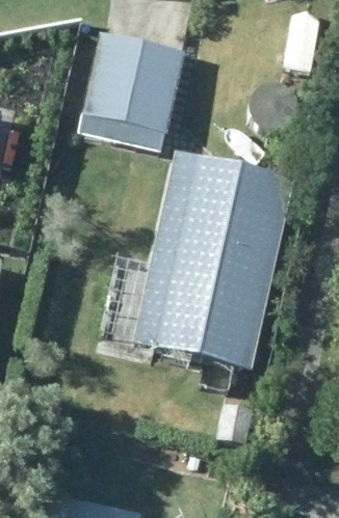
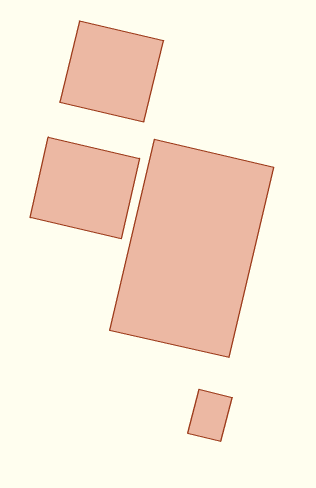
building: none -> [30,137,139,239]

